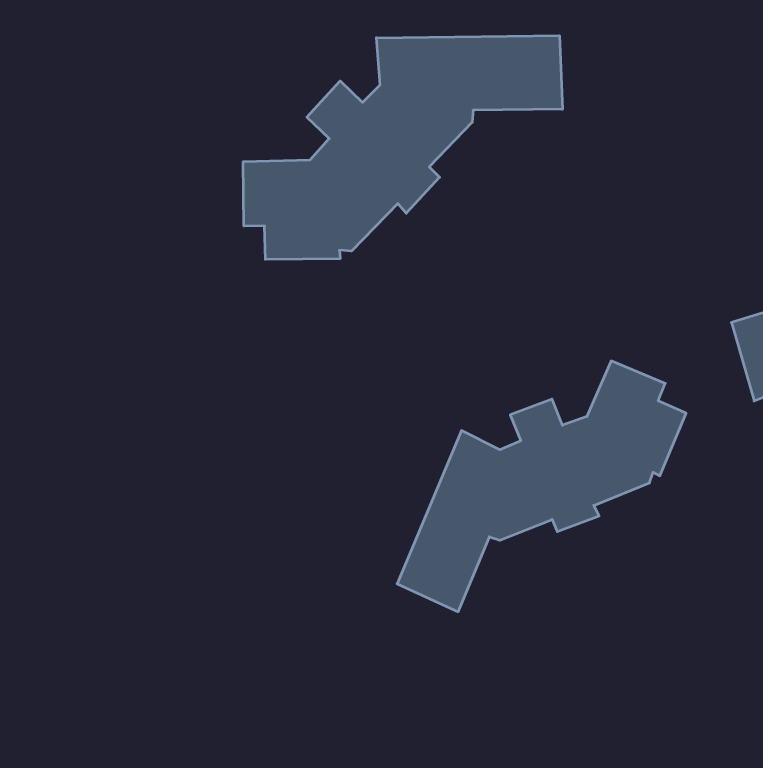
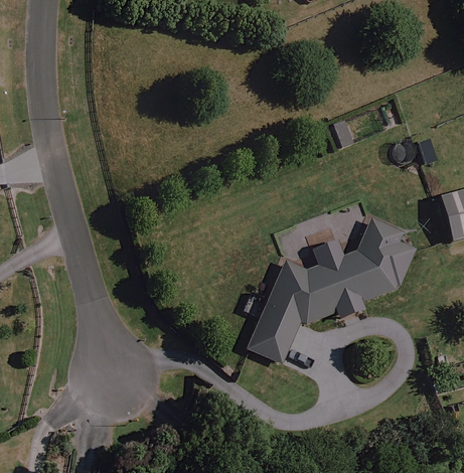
building: [243,36,562,259] -> none

